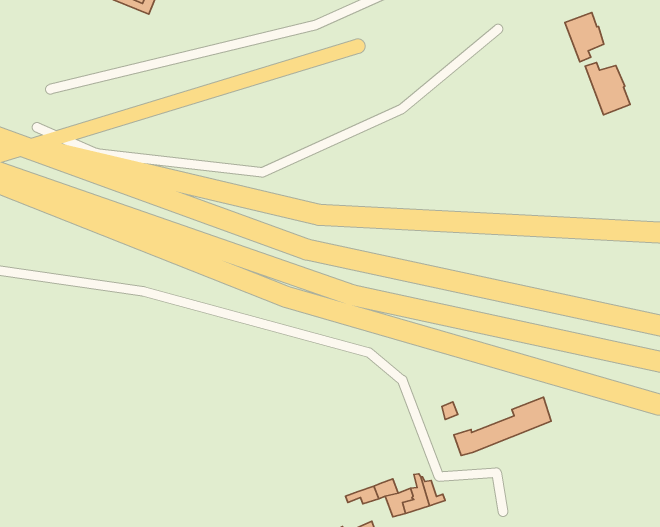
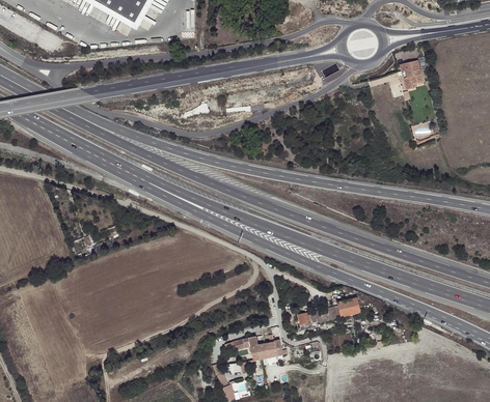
building: [585,62,630,115] -> none

